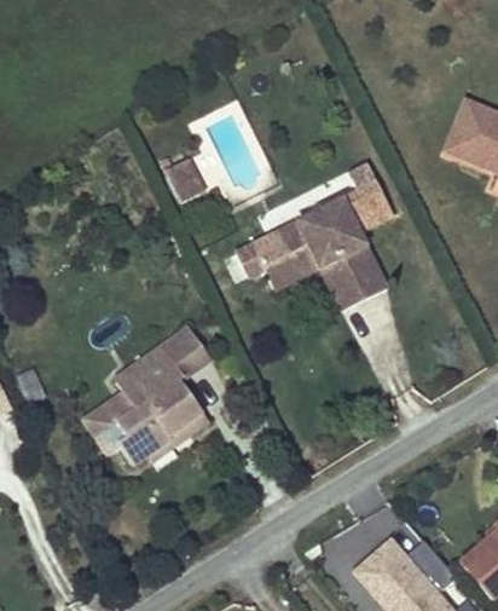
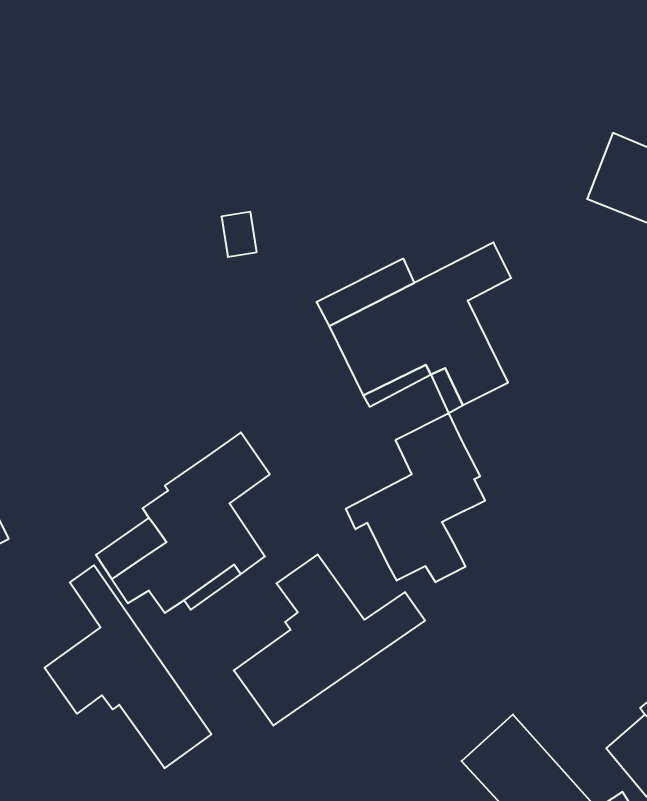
building: none -> [346,413,485,582]
building: none -> [234,554,425,726]
building: none -> [45,565,211,768]

